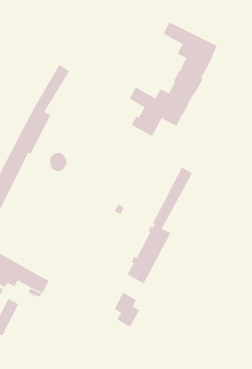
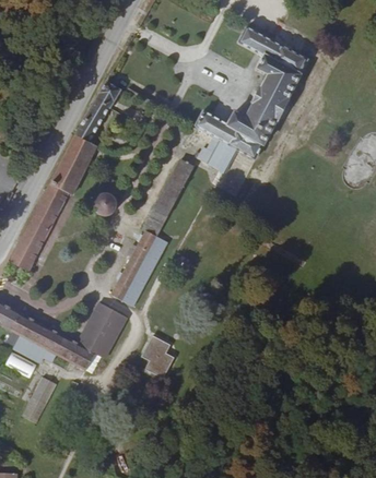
building: [127,167,193,284] -> [111,158,195,306]
building: none -> [77,302,126,359]
building: [114,292,140,327] -> [141,334,174,379]

